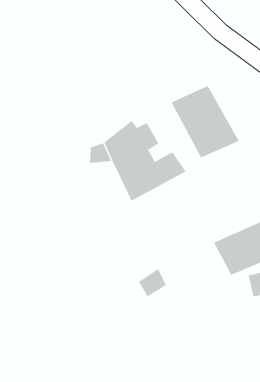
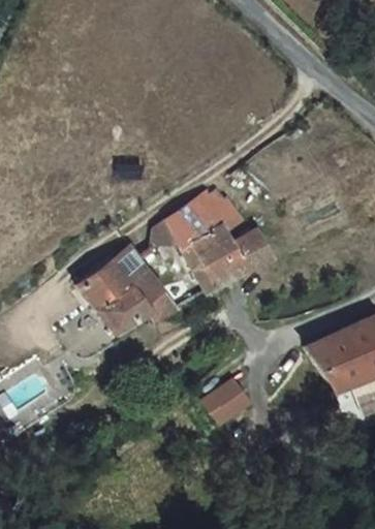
building: [171,85,240,158] -> none
building: none -> [75,241,174,336]

